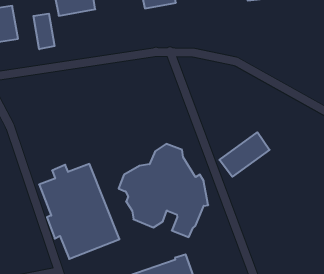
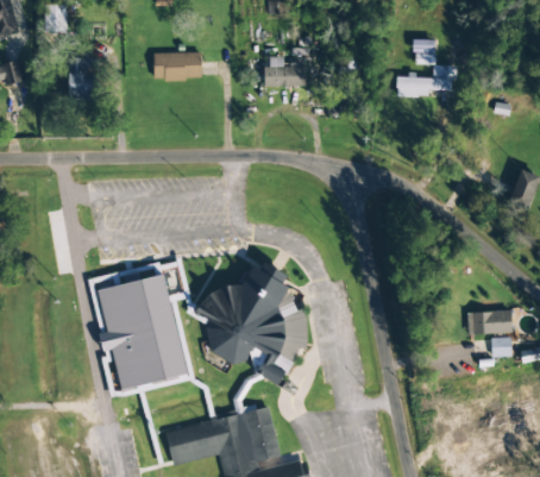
building: [33,14,55,49] -> none
building: [219,132,270,177] -> none

